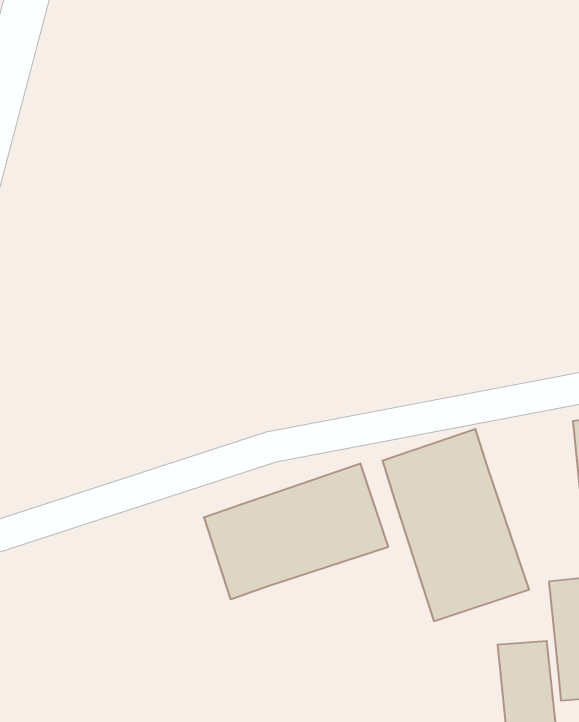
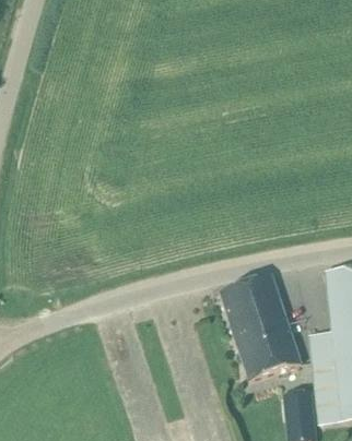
building: [204,463,388,599] -> none

